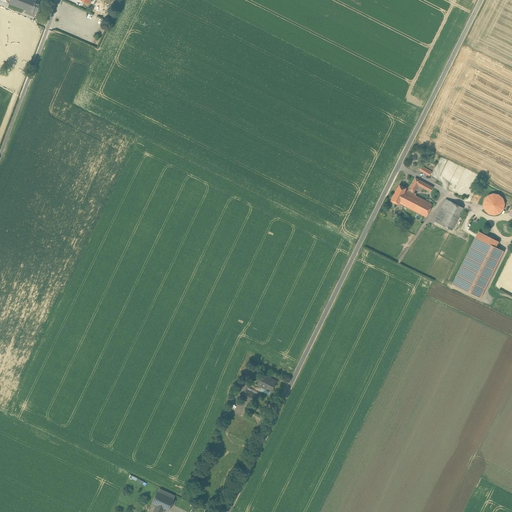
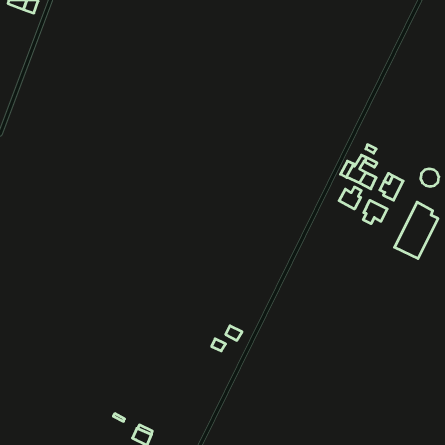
building: none -> [339,187,361,209]
building: none -> [363,200,387,224]

